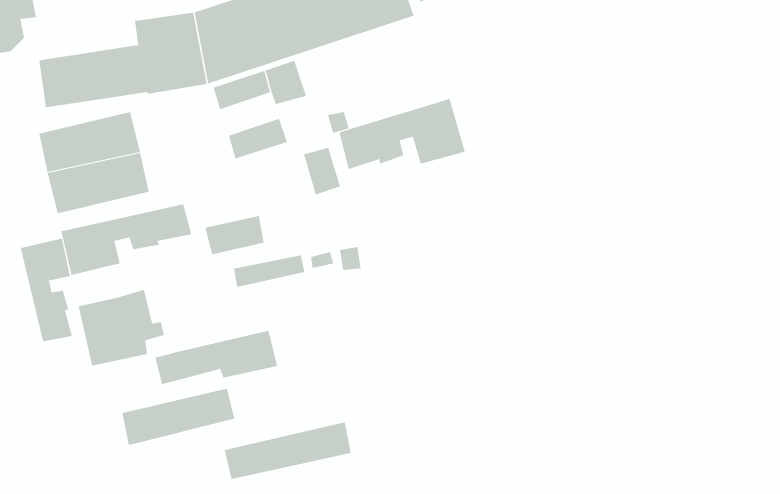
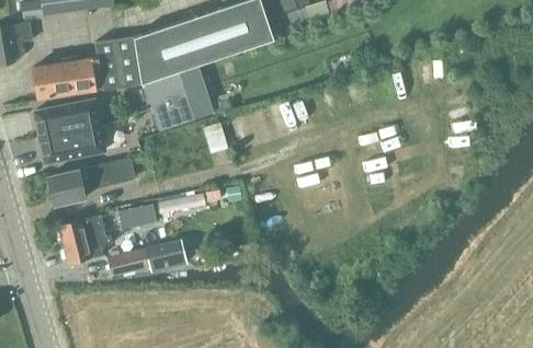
building: [339,98,466,170] -> none
building: [205,215,264,255] -> [117,205,156,230]
building: [20,238,73,342] -> none
building: [122,388,235,446] -> none
building: [224,421,351,480] -> none

